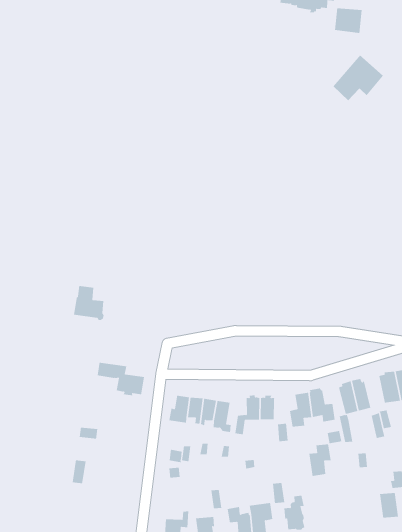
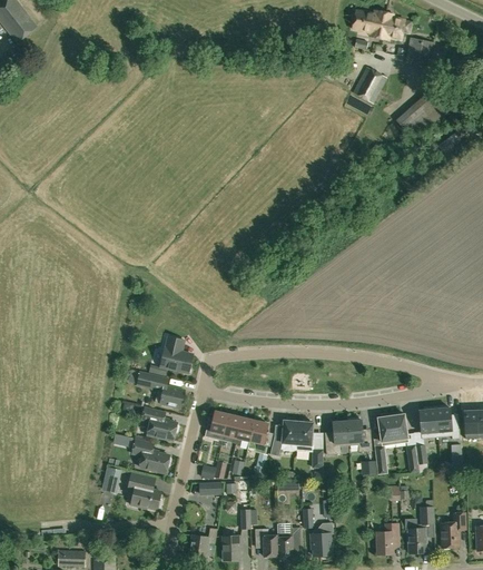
building: none -> [353,66,387,104]
building: [73,285,104,320] -> [160,336,193,373]
building: none -> [141,406,179,440]
building: none -> [132,439,171,472]
building: [309,444,331,477] -> [377,523,400,554]
building: none -> [128,472,162,509]

